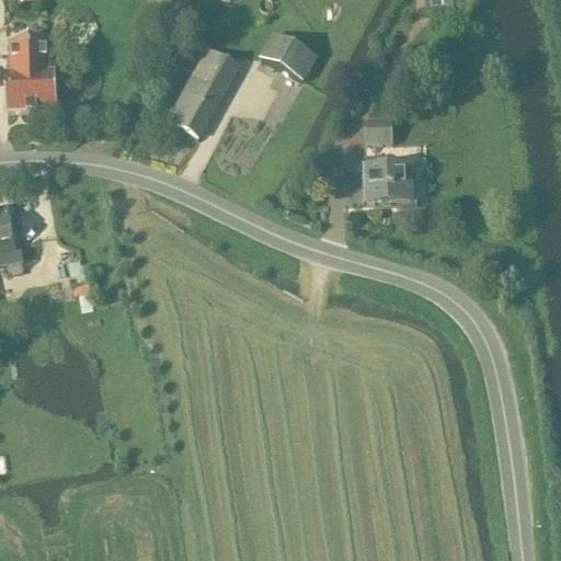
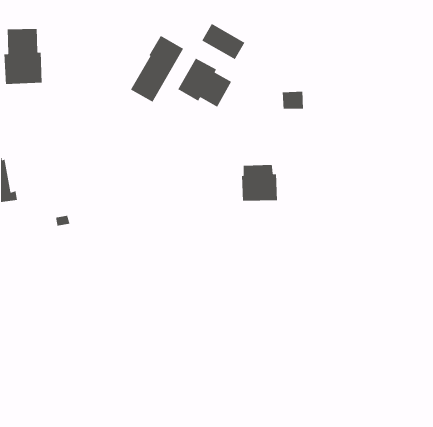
building: none -> [177,57,232,108]
building: [365,152,412,201] -> [241,164,278,202]

